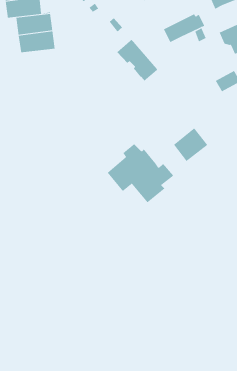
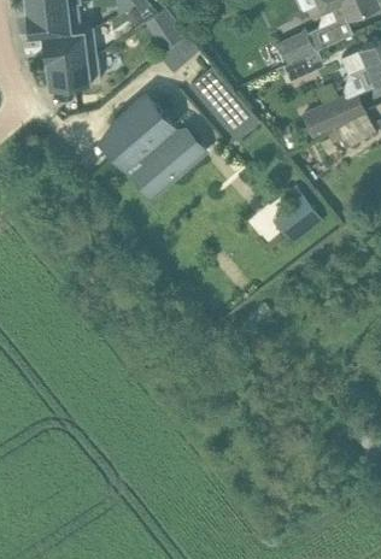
building: none -> [298,93,361,135]
building: [107,143,174,203] -> [104,100,203,188]

